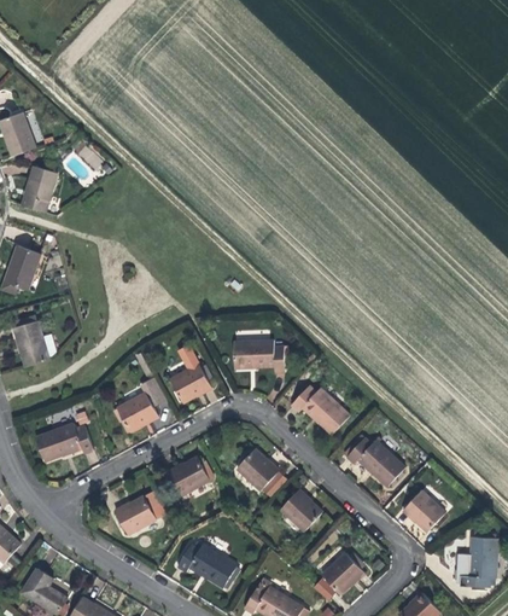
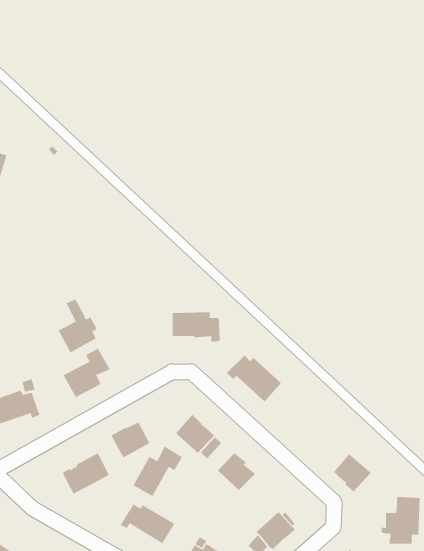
building: [169,345,211,403] -> [58,299,98,353]
building: [346,436,407,487] -> none
building: none -> [133,445,183,497]

